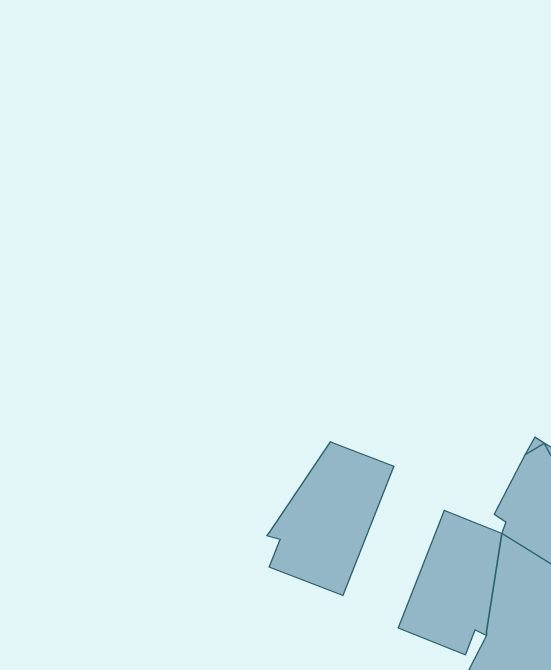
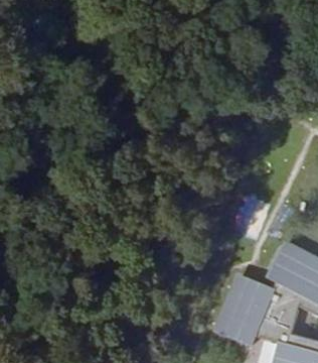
building: [267,442,394,596] -> none

